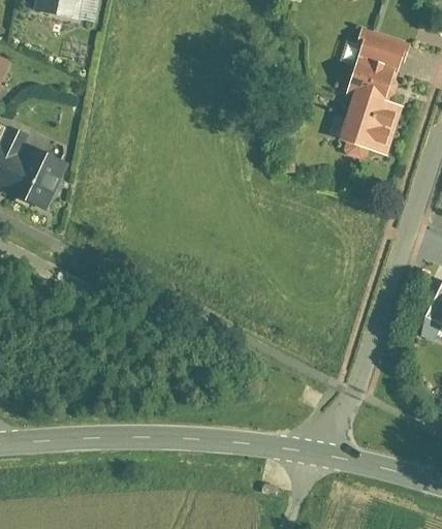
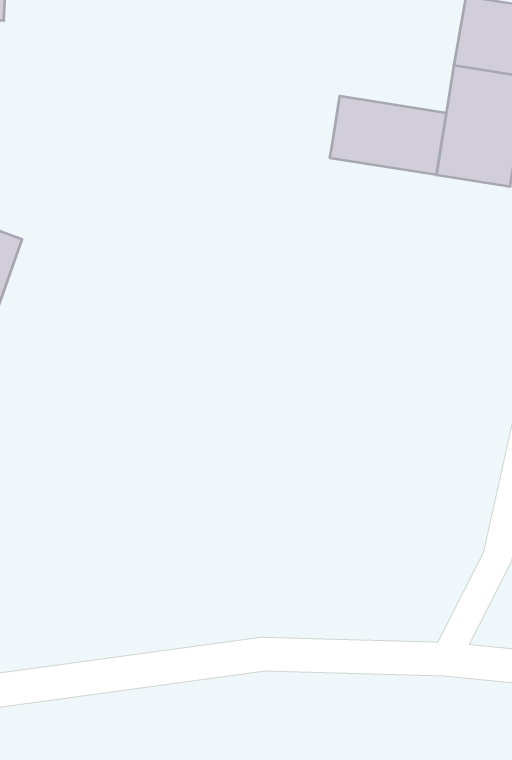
building: none -> [330,96,446,175]

